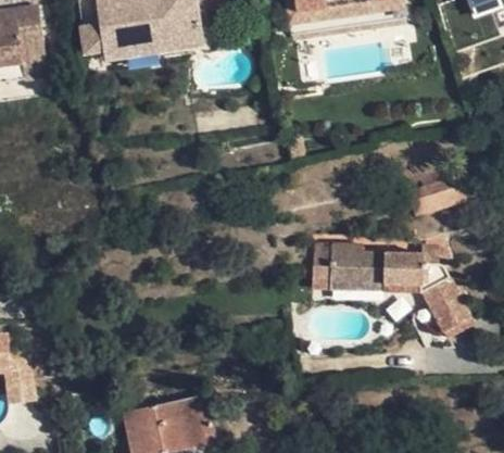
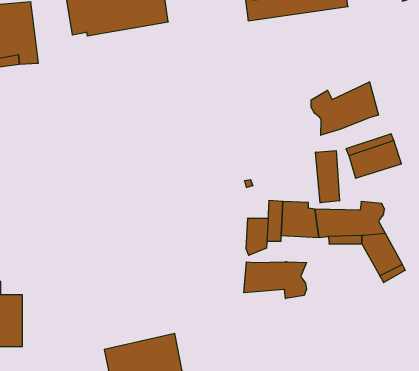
building: none -> [311,82,378,135]
building: none -> [316,151,339,203]
building: none -> [246,218,268,255]
building: none -> [244,262,307,299]

